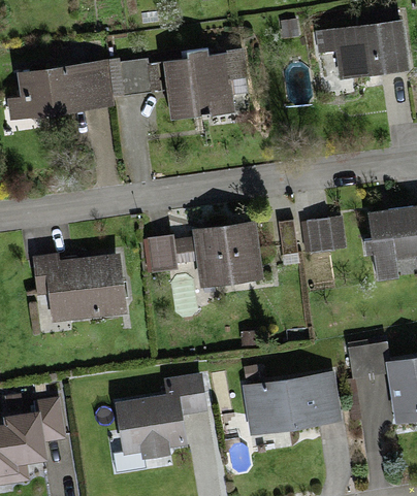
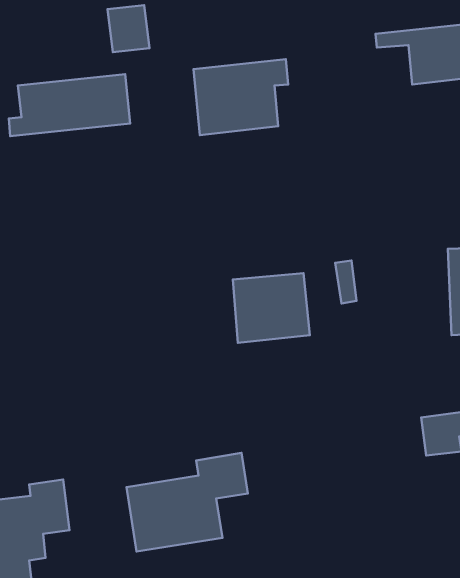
building: [118,61,152,99] -> [108,5,149,52]
building: [307,218,347,250] -> none
building: [150,233,178,268] -> none
building: [34,253,126,318] -> none
building: [242,371,342,432] -> none

